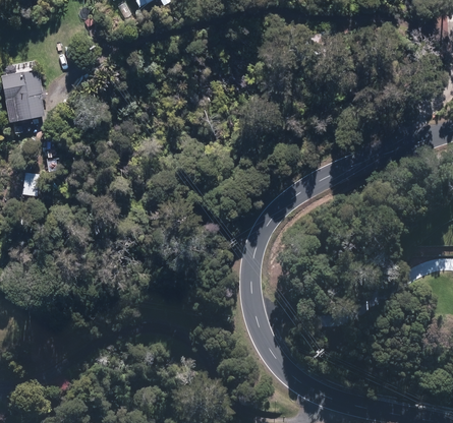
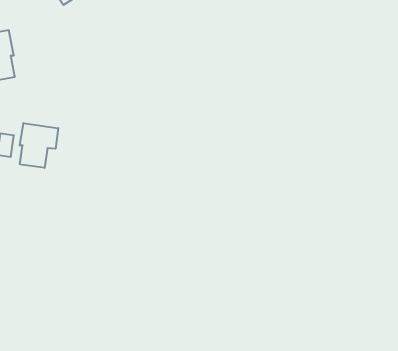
building: none -> [20,123,58,168]

